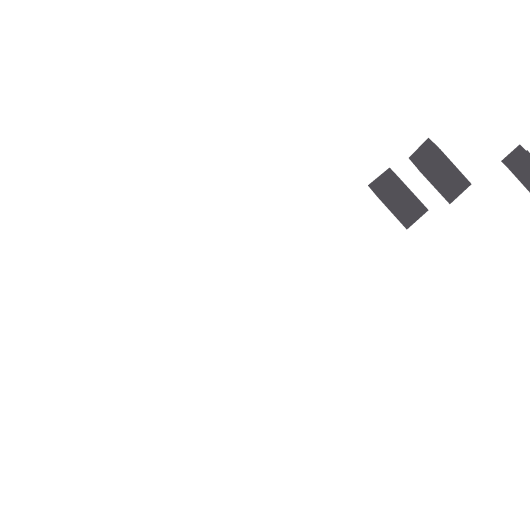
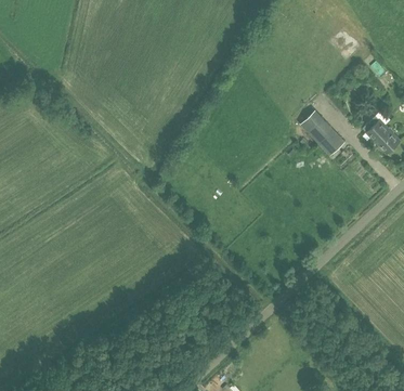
building: [367,167,430,230] -> none

